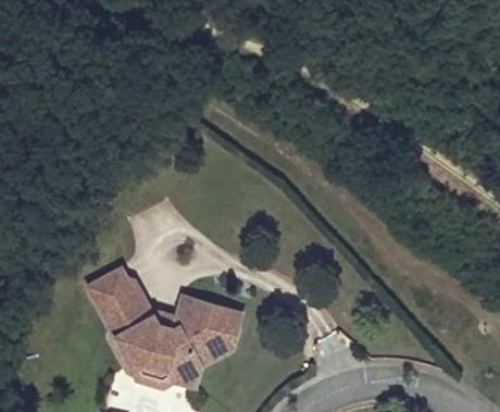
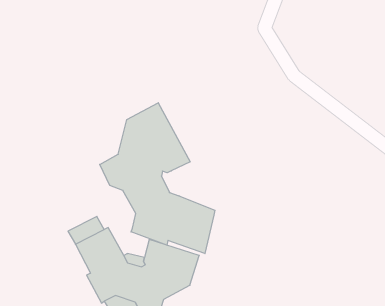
building: none -> [100,103,215,254]

